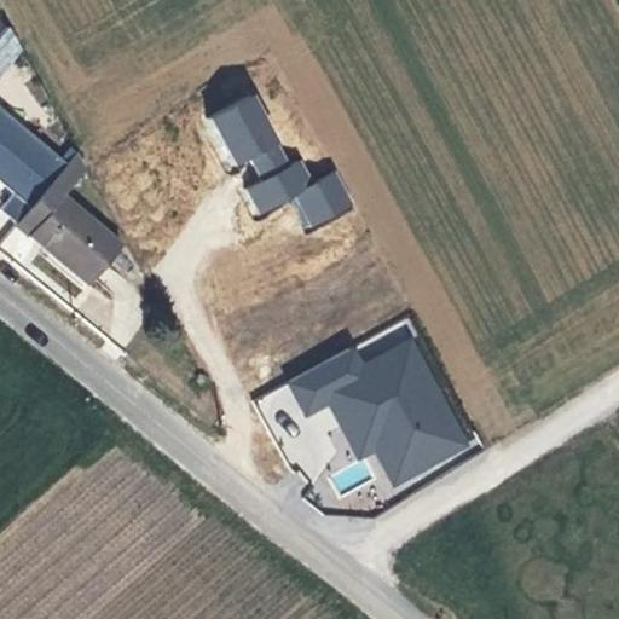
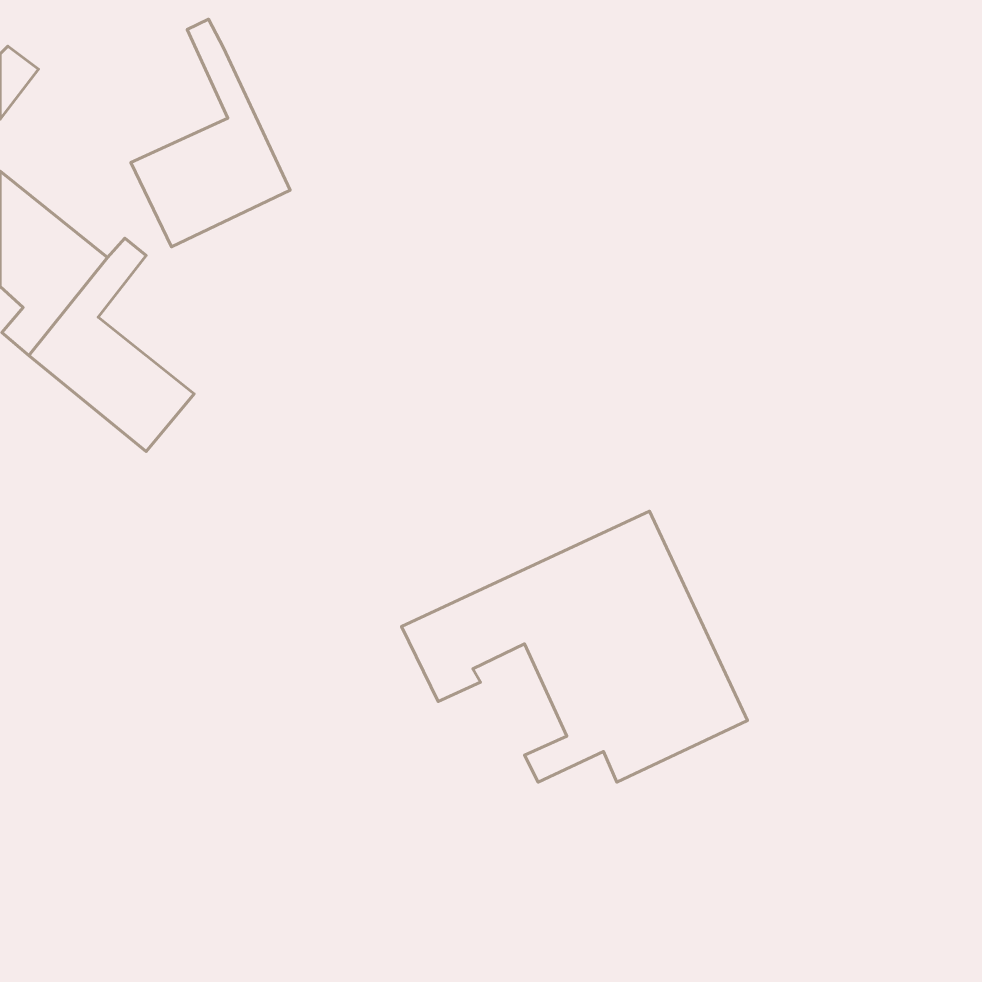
building: none -> [131,19,290,247]
building: [210,93,354,230] -> none

